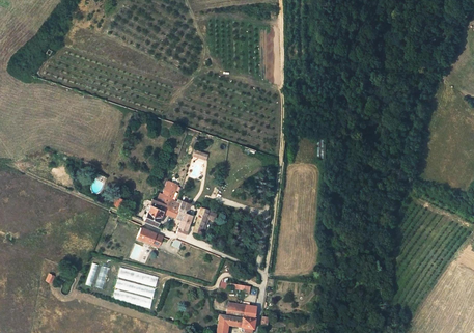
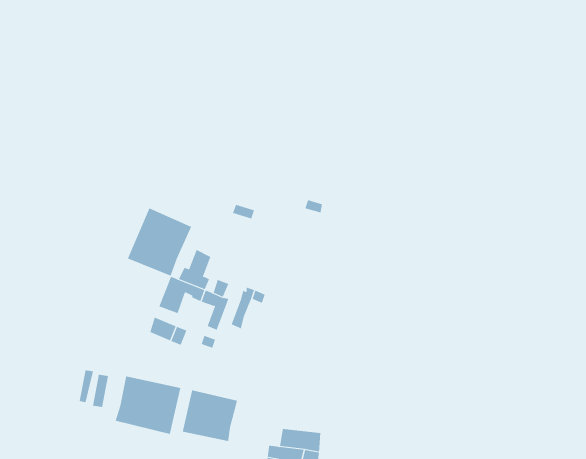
building: none -> [127,207,192,276]
building: none -> [182,390,237,442]

